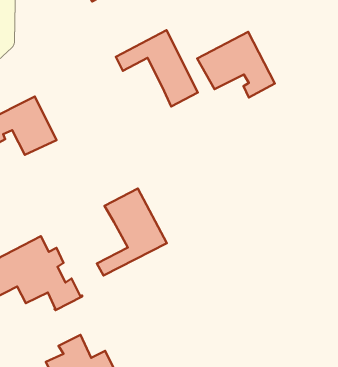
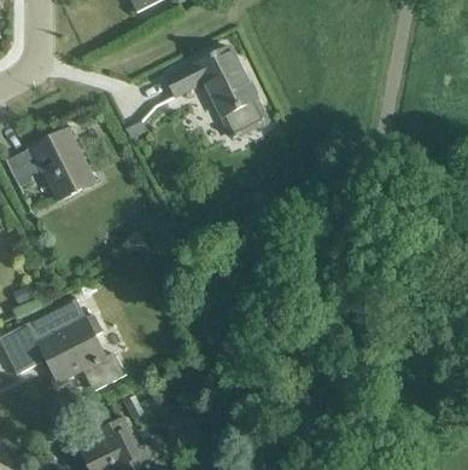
building: [197,32,275,97] -> none
building: [97,188,167,276] -> none

